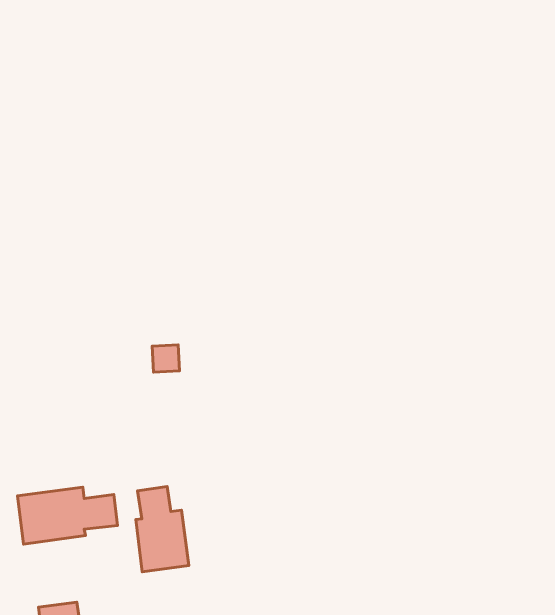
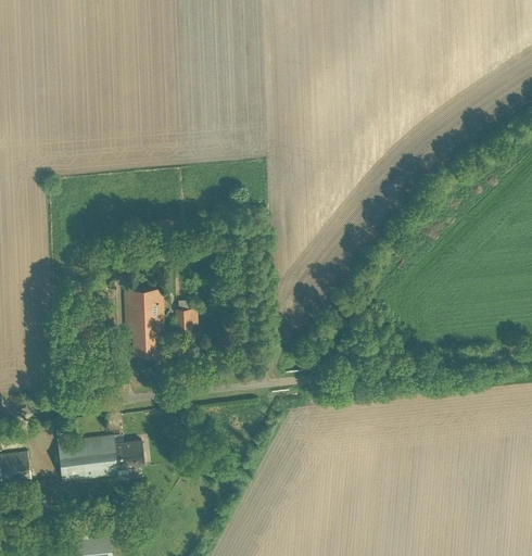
building: none -> [124,287,165,354]
building: [136,487,189,572] -> none

